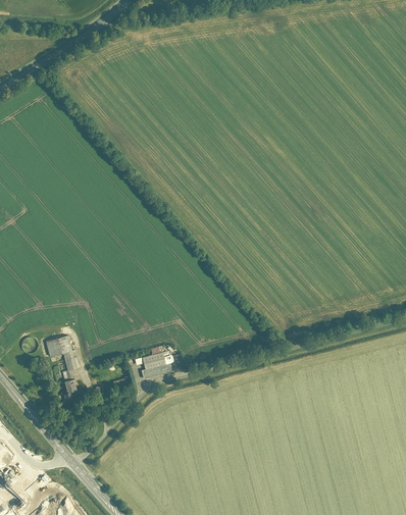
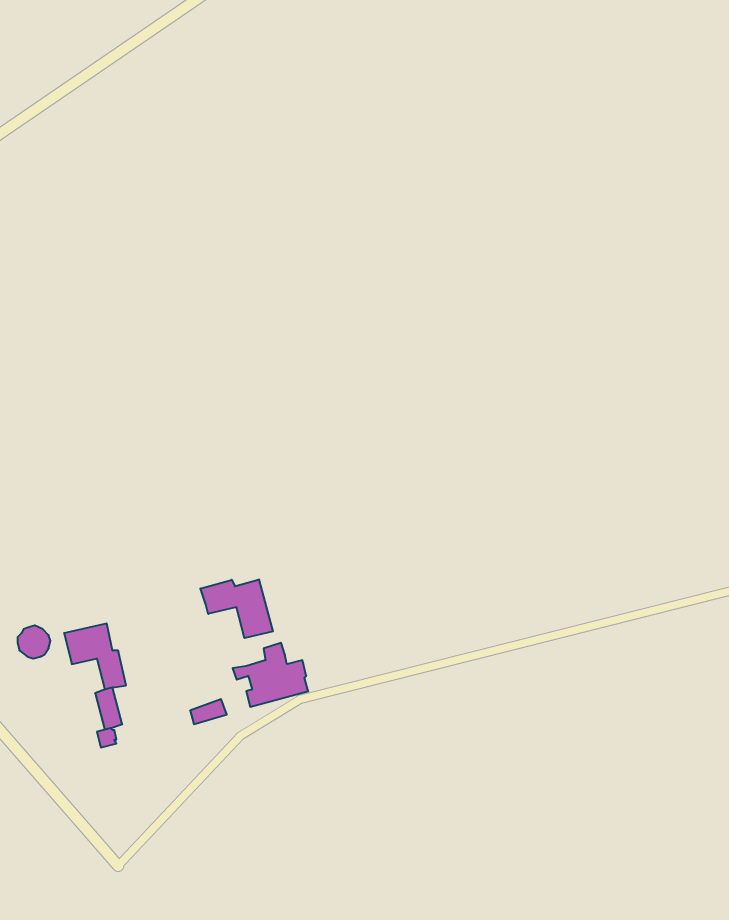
building: none -> [200,579,273,638]

